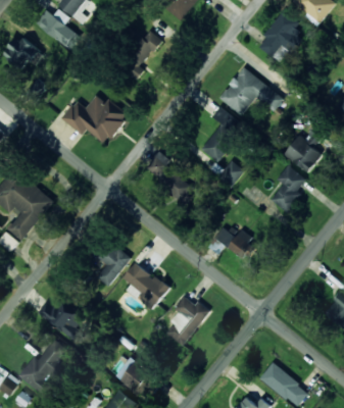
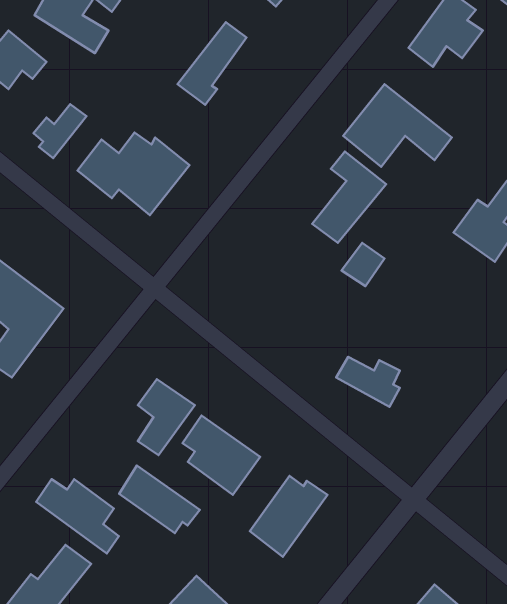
building: none -> [33,104,87,158]
building: [143,152,193,201] -> none
building: [271,165,305,213] -> none
building: none -> [119,465,200,533]

